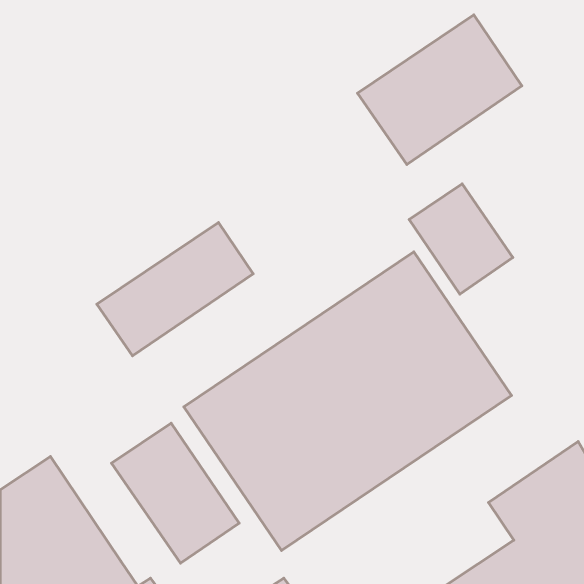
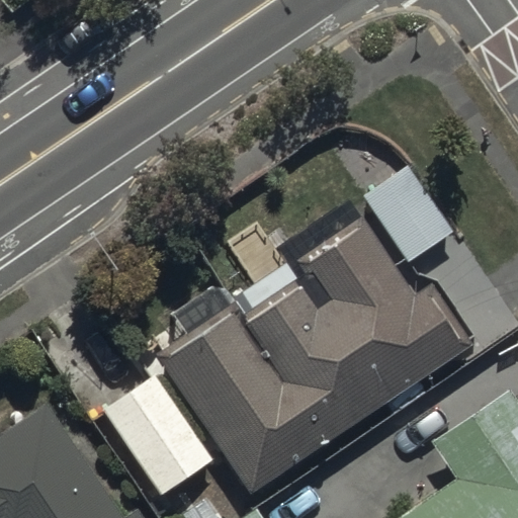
building: [358,15,522,165] -> none
building: [97,222,253,356] -> none

